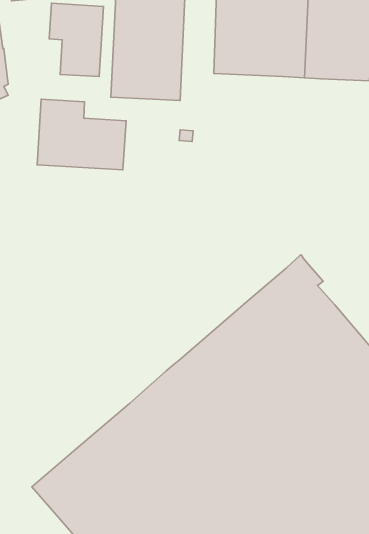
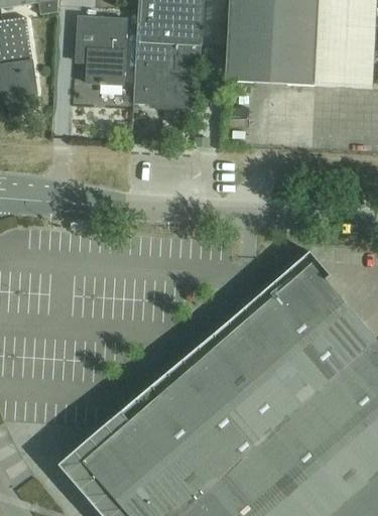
building: [37,99,126,170] -> none

